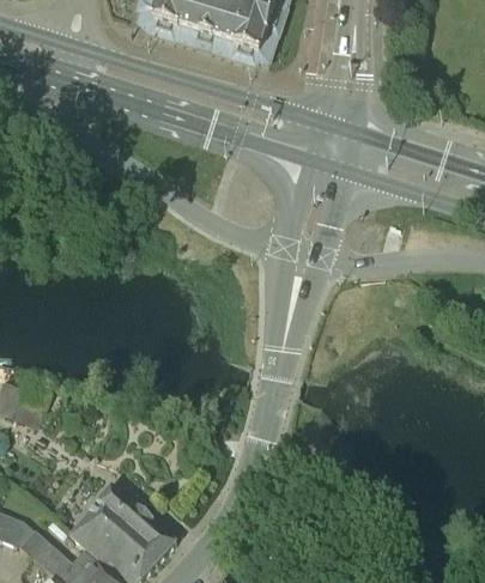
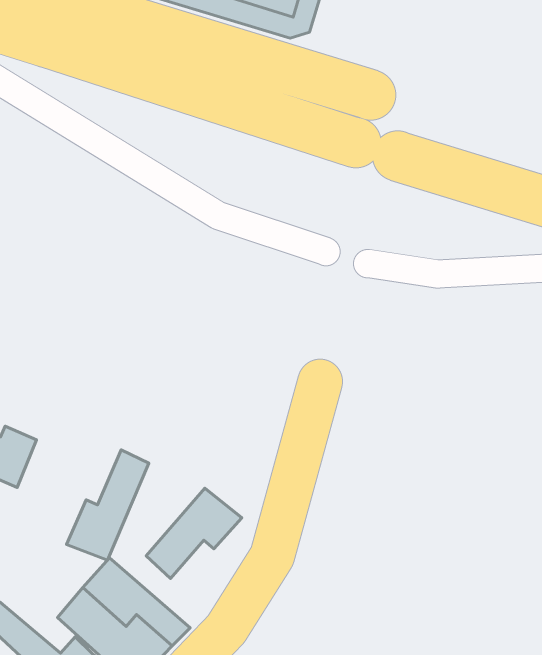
building: none -> [66,450,149,560]
building: none -> [146,488,242,578]

